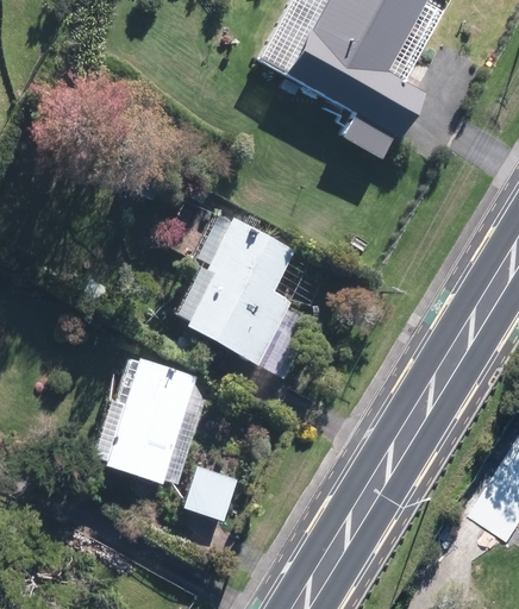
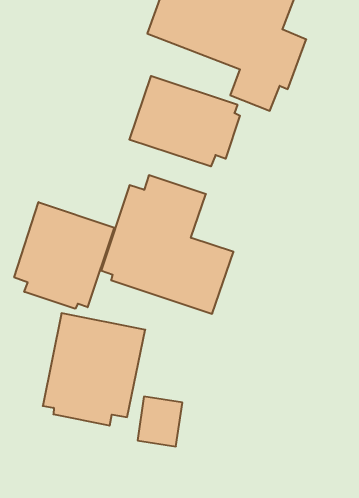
building: none -> [129,76,240,166]
building: none -> [14,202,114,309]

